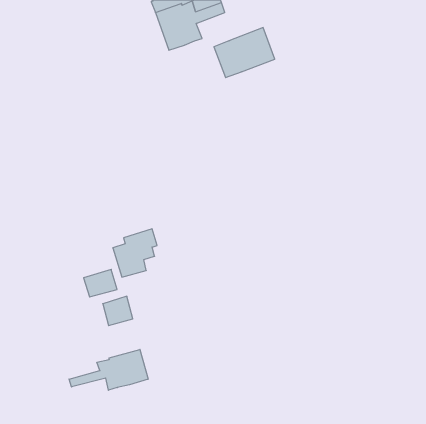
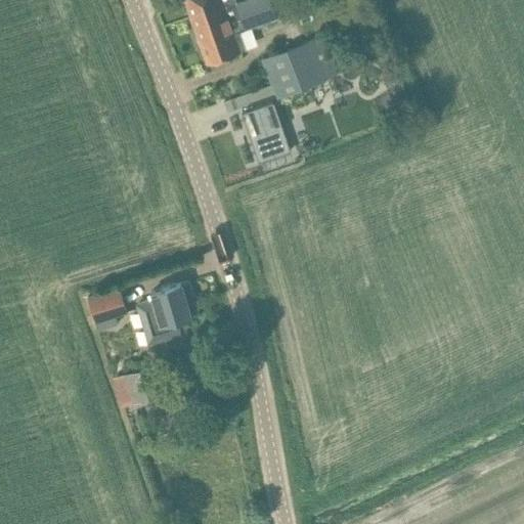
building: none -> [242,102,290,162]
building: [84,269,117,297] -> [85,289,126,322]
building: [69,349,148,390] -> none

